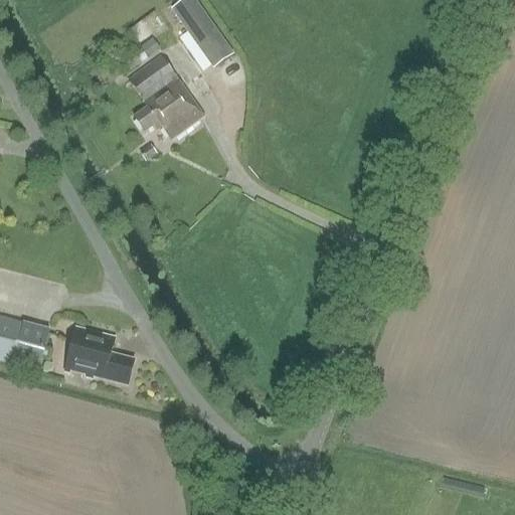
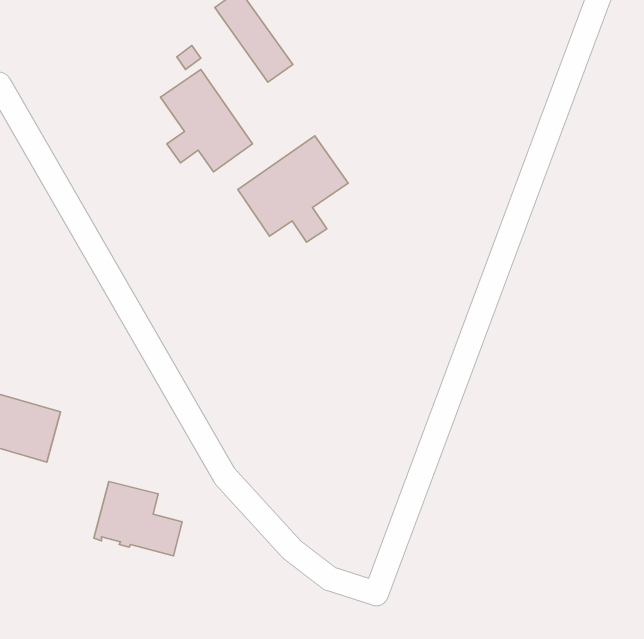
building: none -> [238,136,348,242]
building: [63,324,134,383] -> [94,481,182,556]

